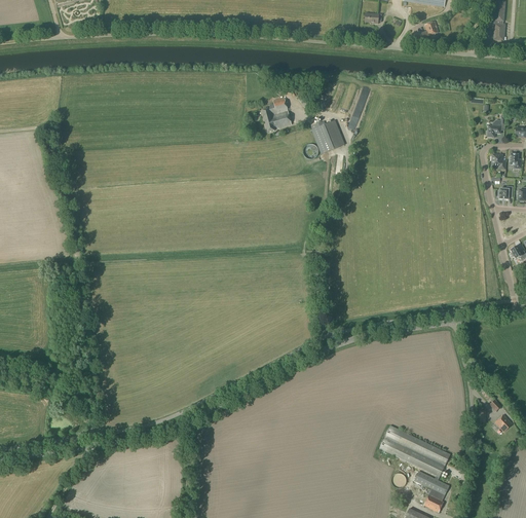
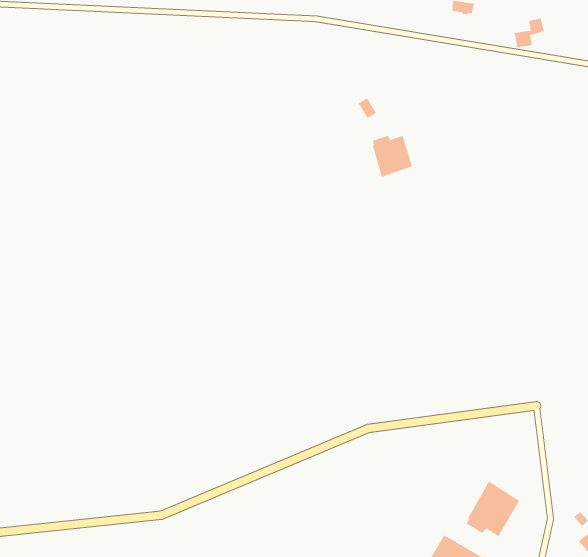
building: [262,98,291,133] -> none
building: none -> [466,481,520,537]

